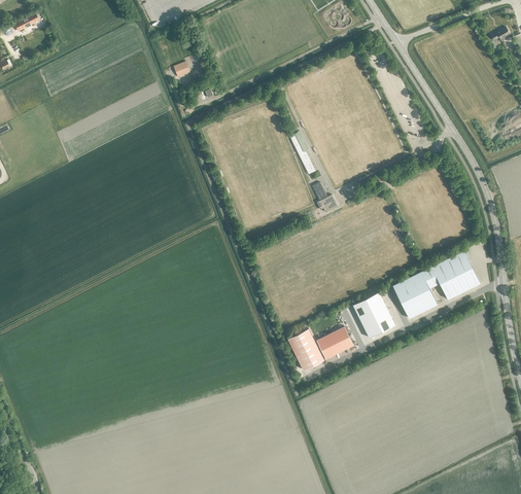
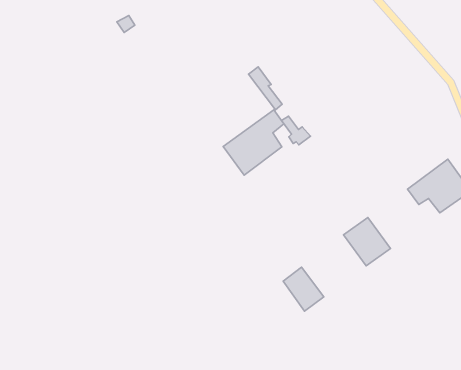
building: none -> [223,110,284,175]
building: [392,272,438,319] -> none
building: [316,326,354,360] -> none

